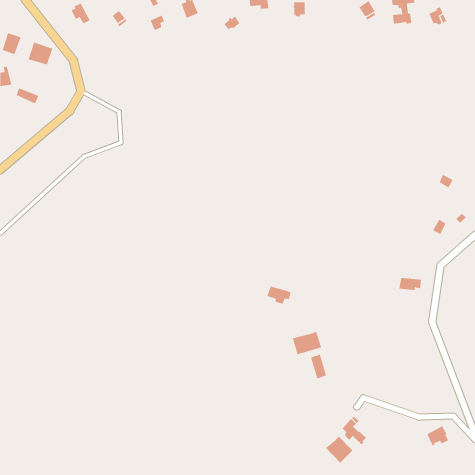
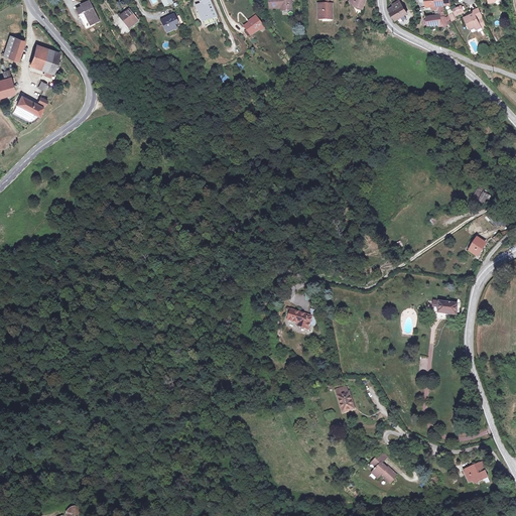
building: [292,331,322,355] -> none
building: [325,436,353,463] -> none

